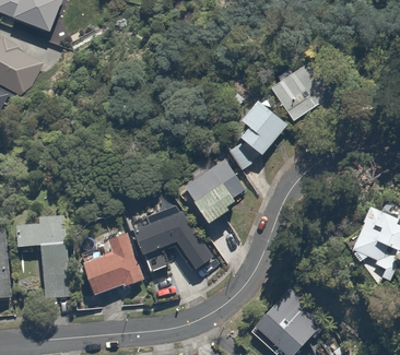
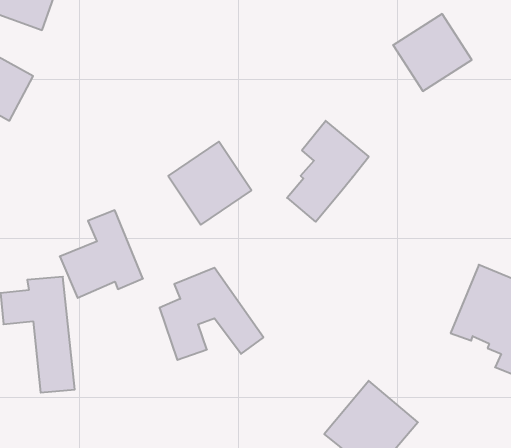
building: [272,64,330,121] -> [393,14,472,91]
building: [185,161,246,222] -> [168,142,251,225]
building: [83,230,144,295] -> [60,210,143,298]

